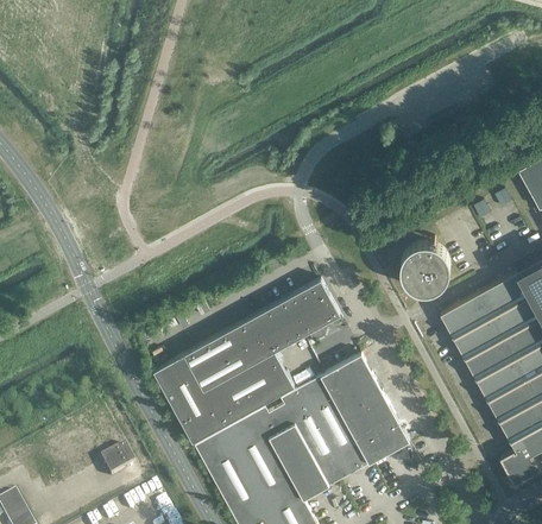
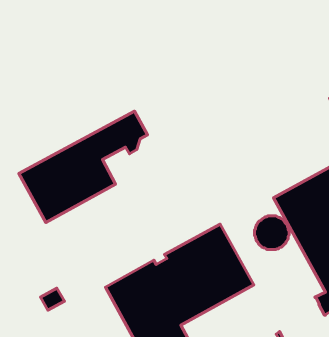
building: [399,244,449,292] -> [255,216,289,250]
building: [152,283,339,444] -> [19,111,148,223]

